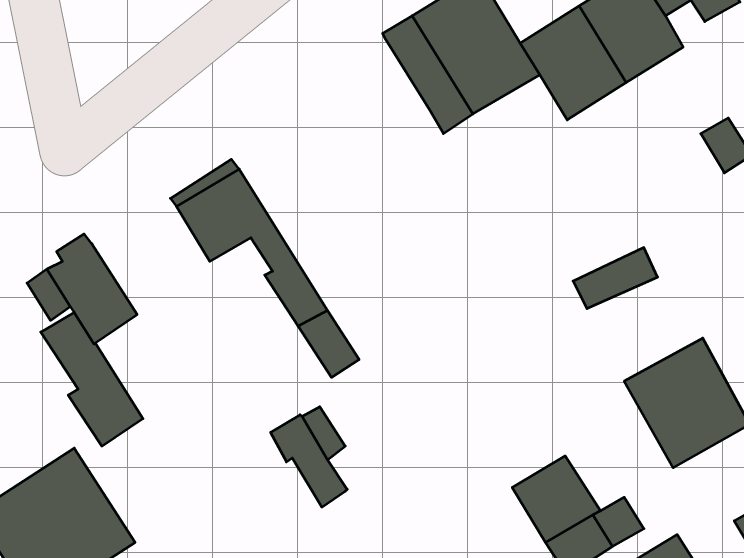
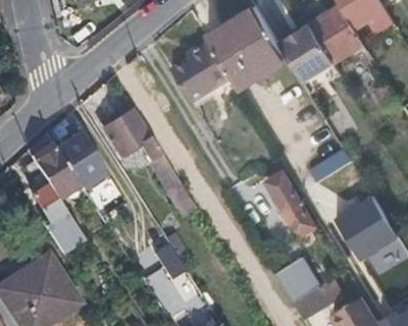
building: none -> [172,40,233,102]
building: none -> [57,130,108,188]
building: none -> [265,170,317,238]

